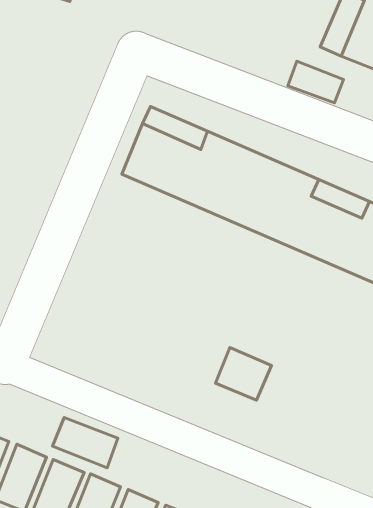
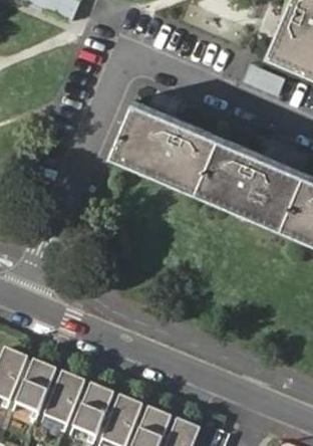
building: [215,348,271,400] -> none
building: [53,417,118,468] -> none

